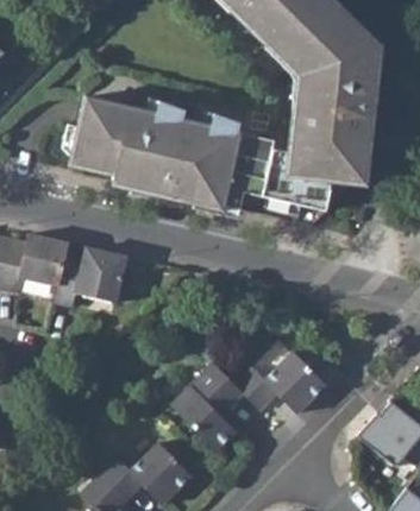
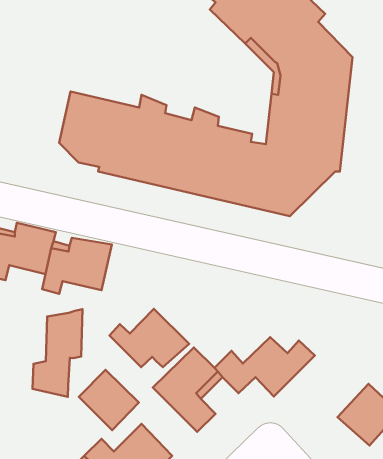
building: none -> [109,309,189,367]
building: none -> [33,309,83,397]
building: none -> [79,370,139,430]

